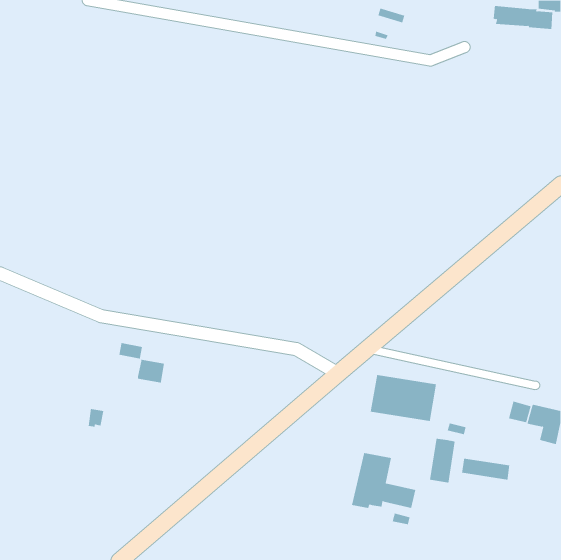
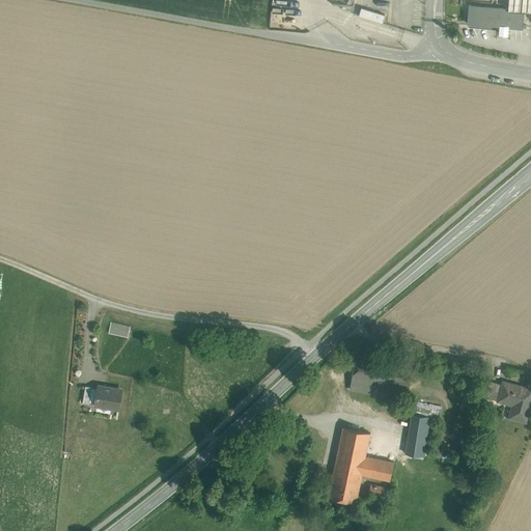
building: [137,359,165,383] -> [95,387,121,410]
building: [462,458,510,480] -> none
building: none -> [328,478,361,503]

